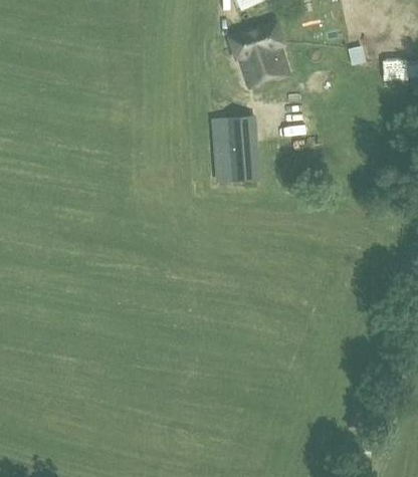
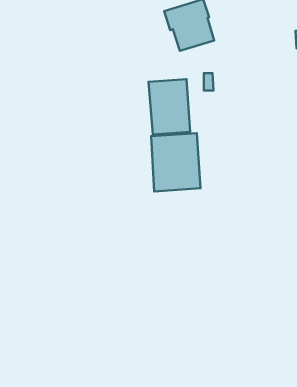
building: none -> [151,133,201,191]

